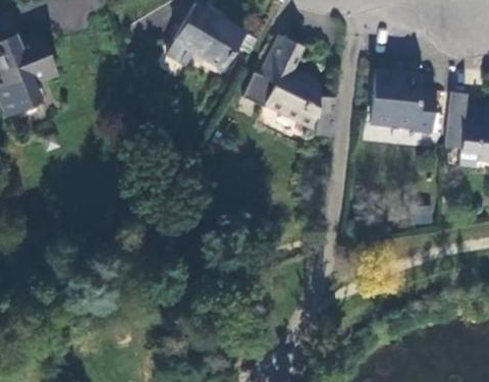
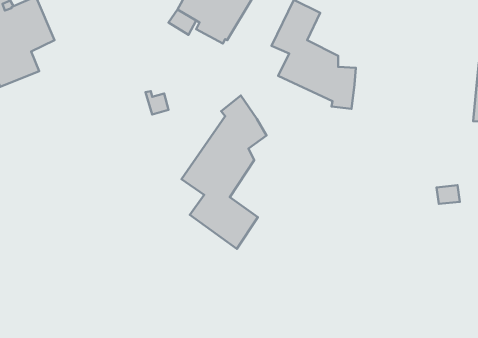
building: [370,71,434,132] -> none
building: none -> [181,96,266,249]

